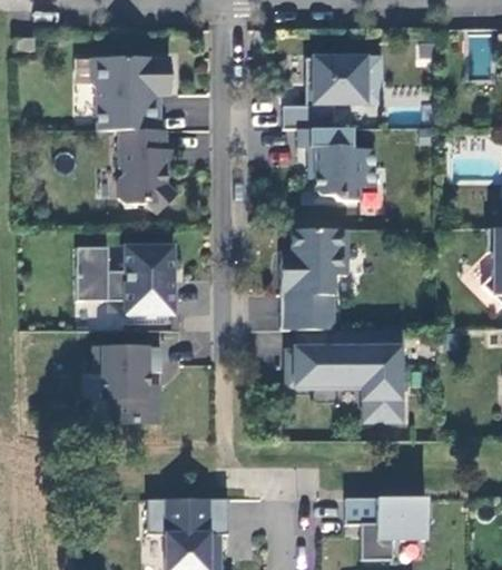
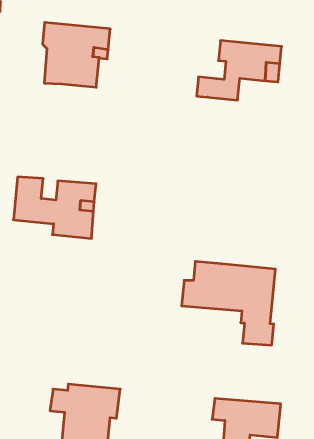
building: [297,130,376,202] -> none
building: [119,131,177,215] -> none
building: [282,230,348,331] -> none
building: [93,348,163,423] -> none

